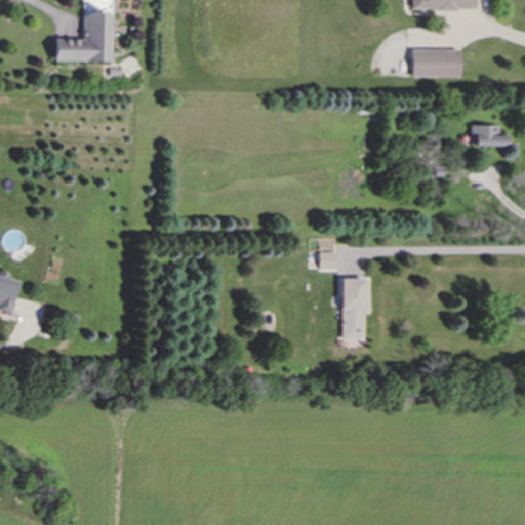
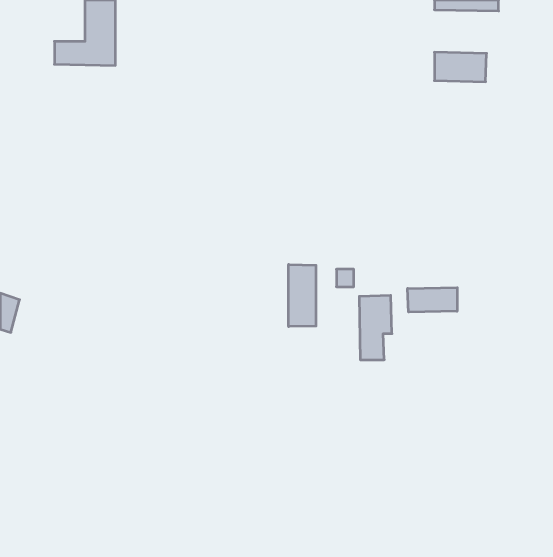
building: [471,125,509,146] -> none
building: none -> [289,264,316,327]
building: none -> [408,288,457,312]

